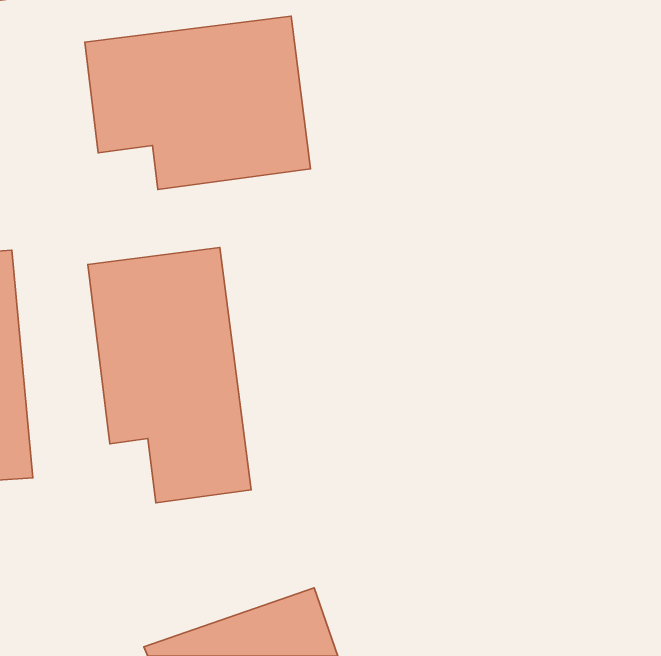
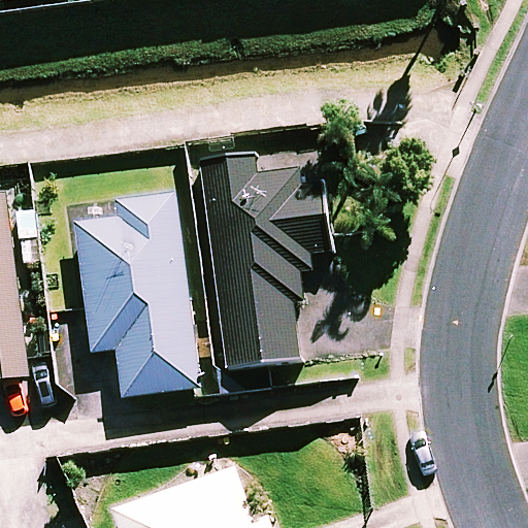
building: [85,16,310,189] -> none
building: none -> [203,158,329,369]

